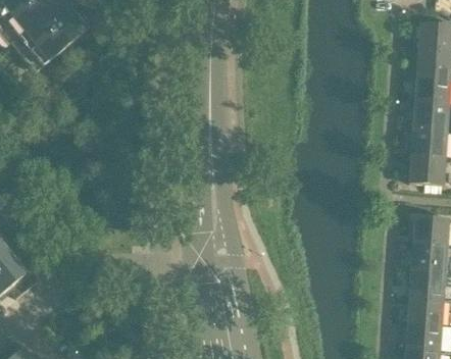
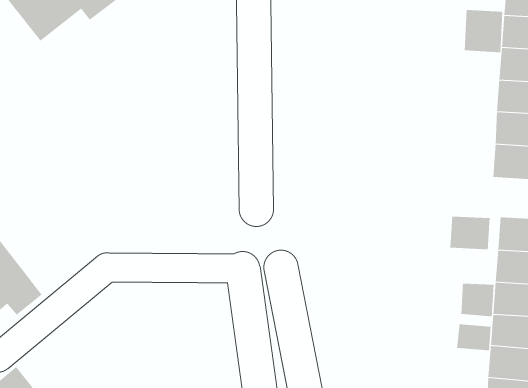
building: none -> [464,9,503,53]
building: none -> [450,216,490,250]
building: none -> [461,283,494,317]
building: none -> [457,324,491,351]

